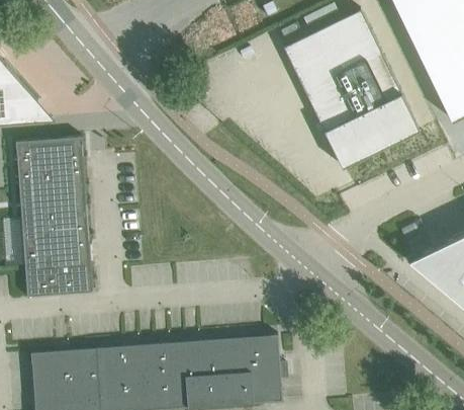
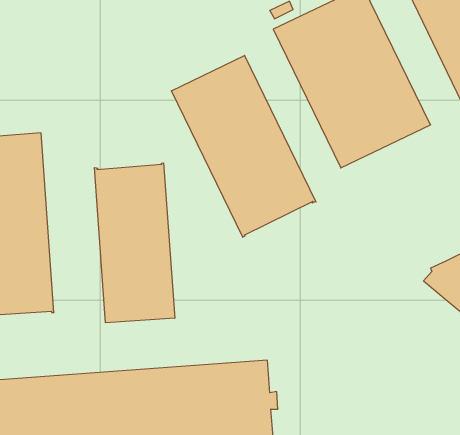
building: none -> [171,55,316,237]
building: none -> [94,163,175,323]

